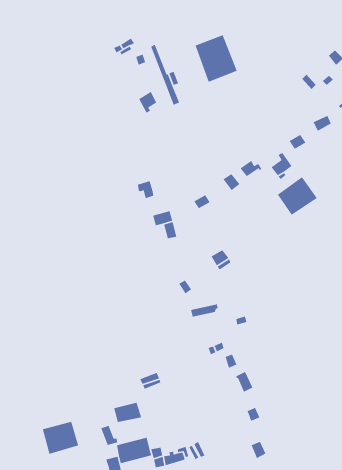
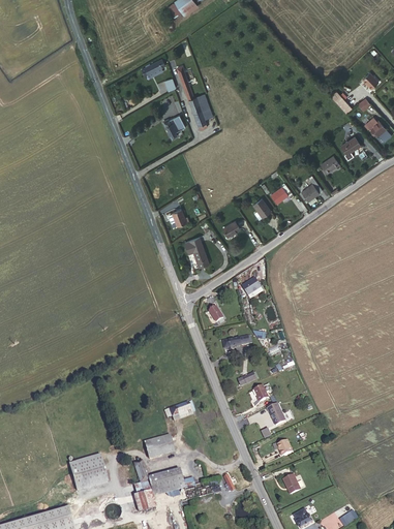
building: [194,34,238,83] -> none
building: [277,176,318,216] -> none

